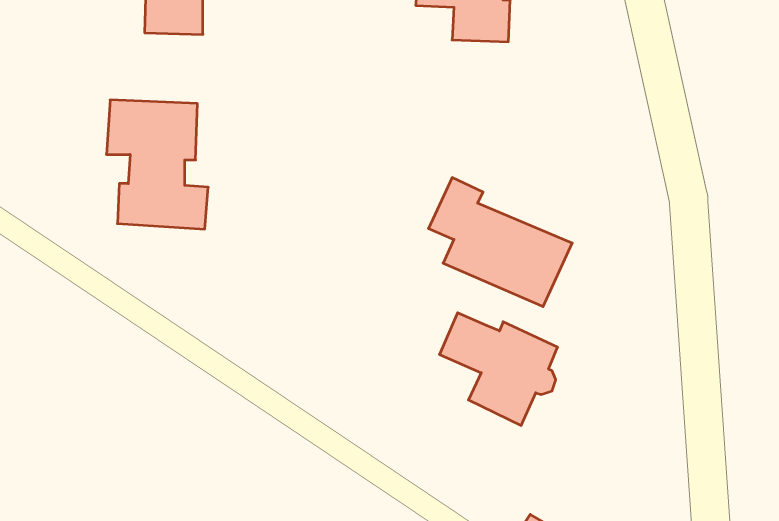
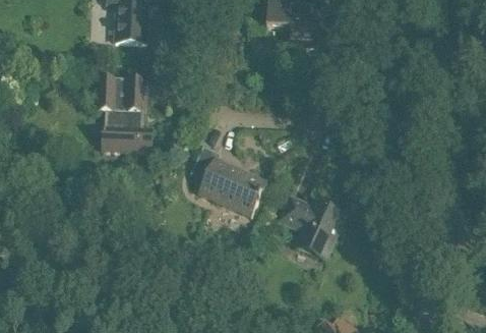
building: [428,178,572,307] -> [188,145,268,217]

